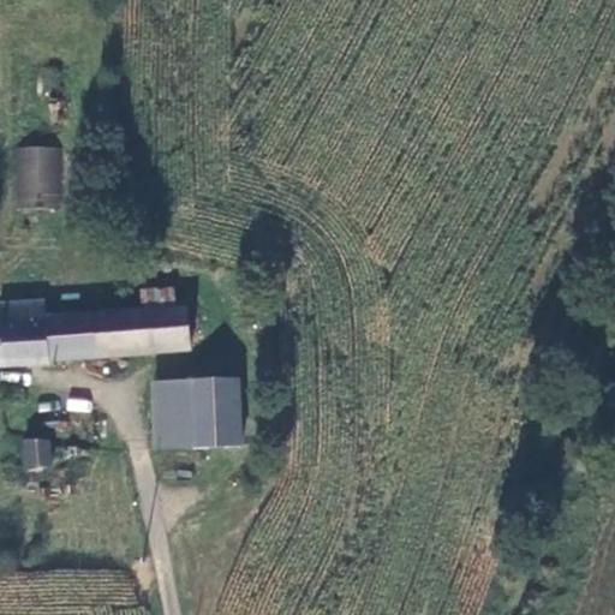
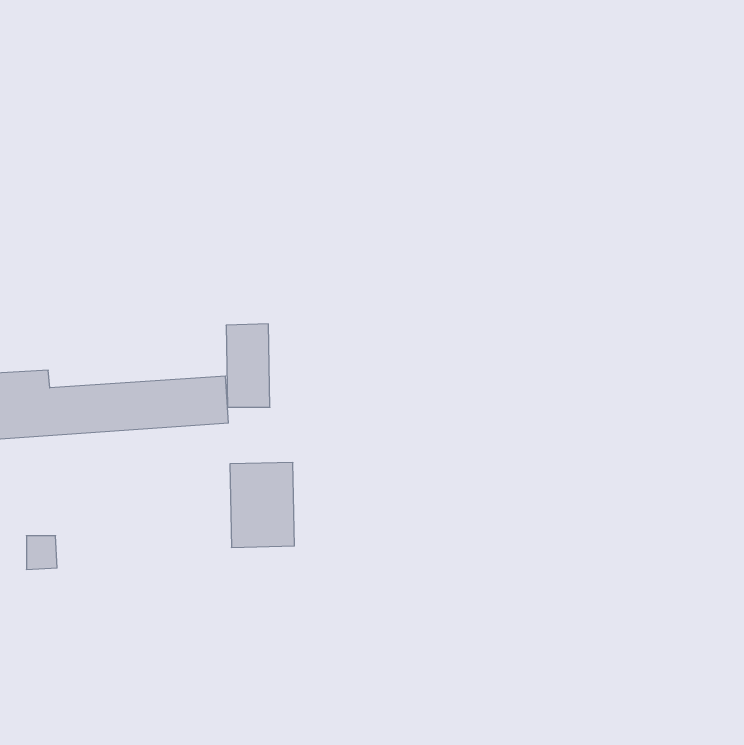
building: [12,143,59,205] -> none
building: [154,381,190,449] -> [226,324,270,407]

